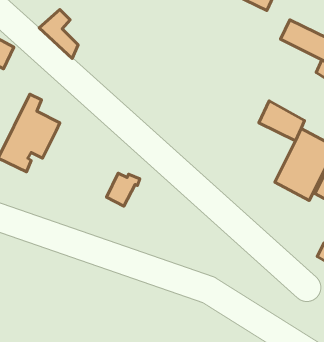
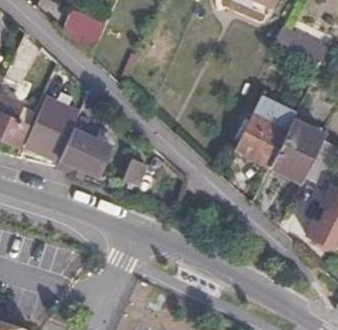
building: none -> [236,113,288,166]
building: none -> [55,120,112,176]

